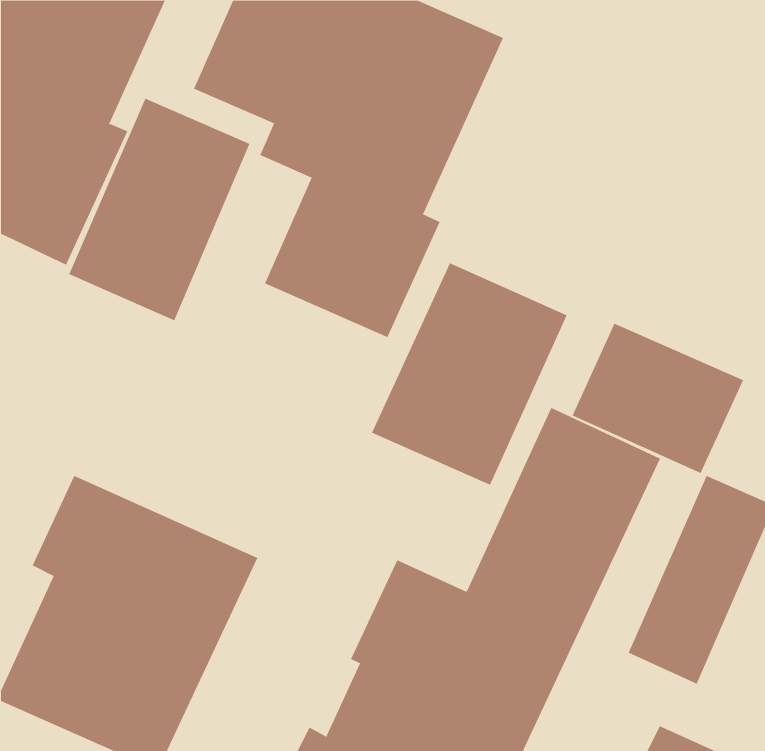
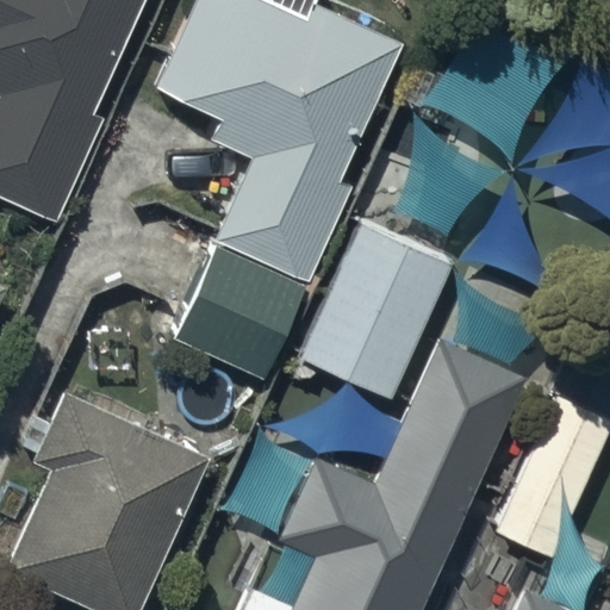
building: [69,98,250,321] -> none
building: none -> [174,249,305,381]
building: [572,323,744,474] -> none

